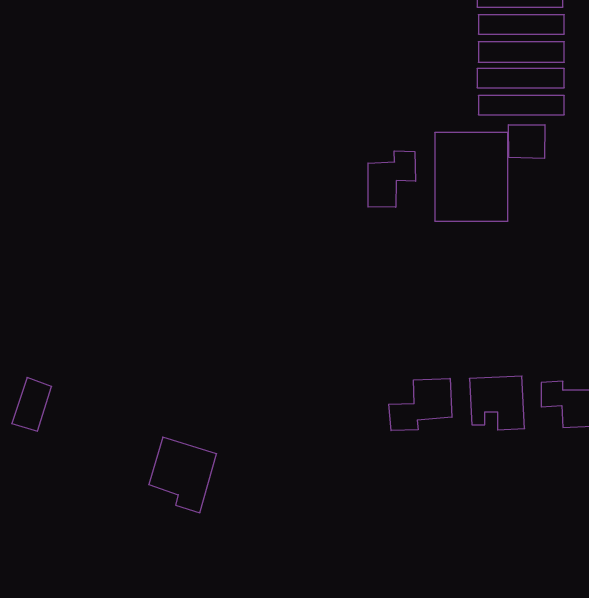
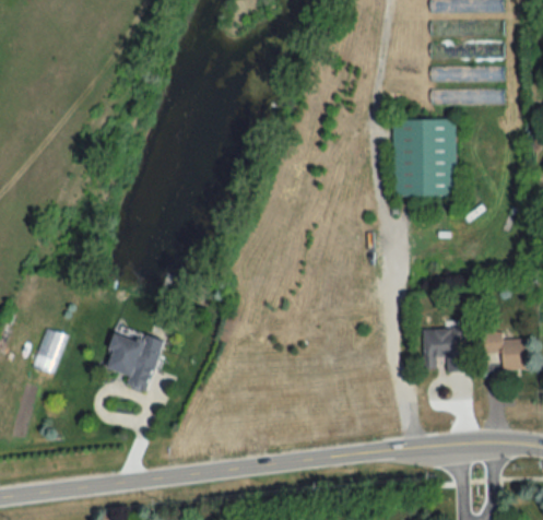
building: [508,125,545,158] -> none
building: [368,151,416,207] -> none
building: [389,378,452,431] -> none
building: [149,437,217,513] -> [105,329,163,393]

